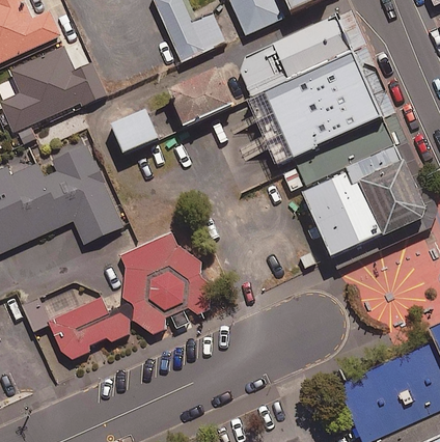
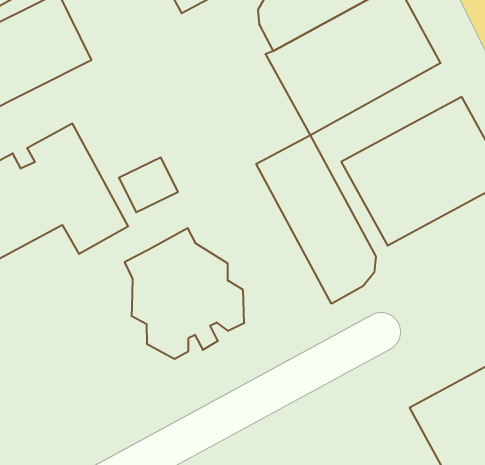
building: [167,67,231,127] -> none
building: [114,109,160,150] -> [119,157,178,212]
building: none -> [256,135,376,304]
building: [50,298,131,359] -> none

